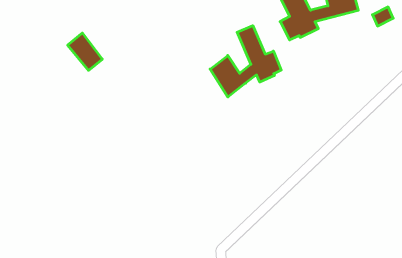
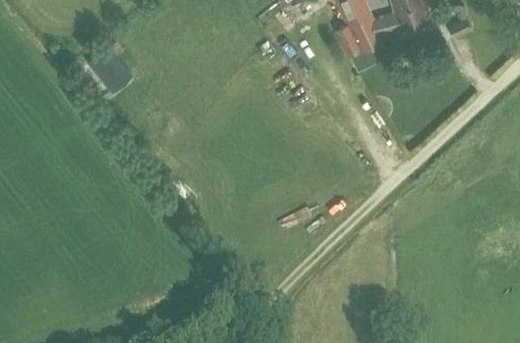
building: [210,26,281,97] -> none

